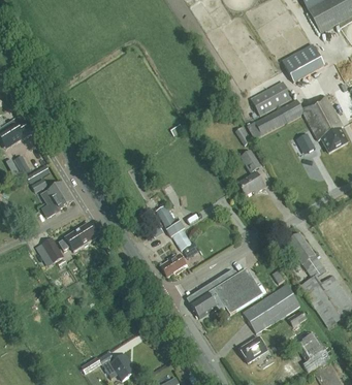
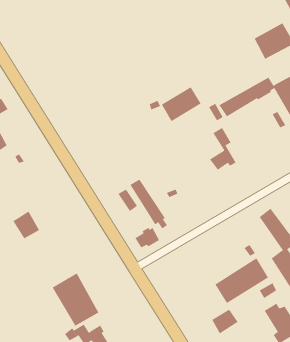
building: [251,81,292,117] -> [161,86,201,122]
building: [42,181,73,217] -> none
building: [59,222,97,251] -> none
building: [188,269,262,318] -> none
building: none -> [52,273,99,327]

